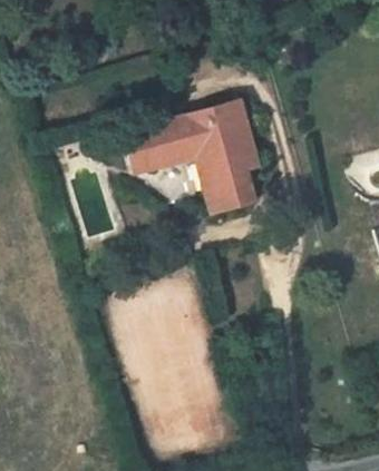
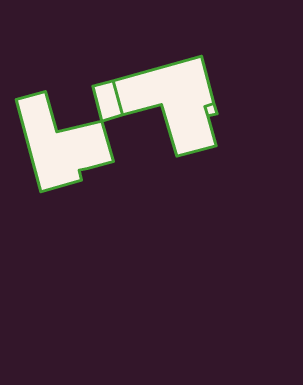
building: none -> [16,91,113,192]

